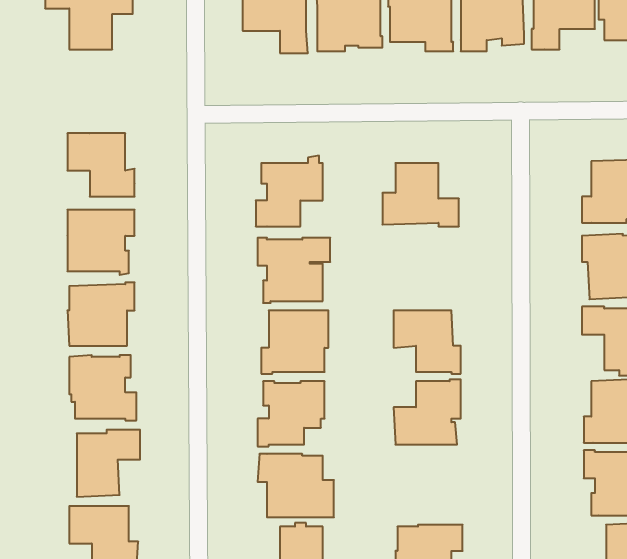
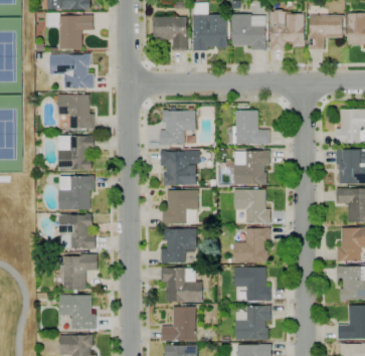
building: none -> [57,53,94,88]
building: none -> [232,150,270,185]
building: none -> [235,268,271,302]

